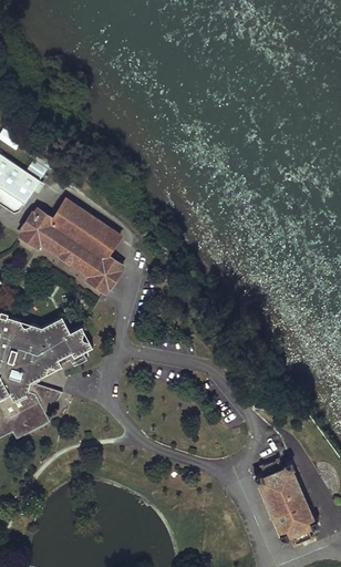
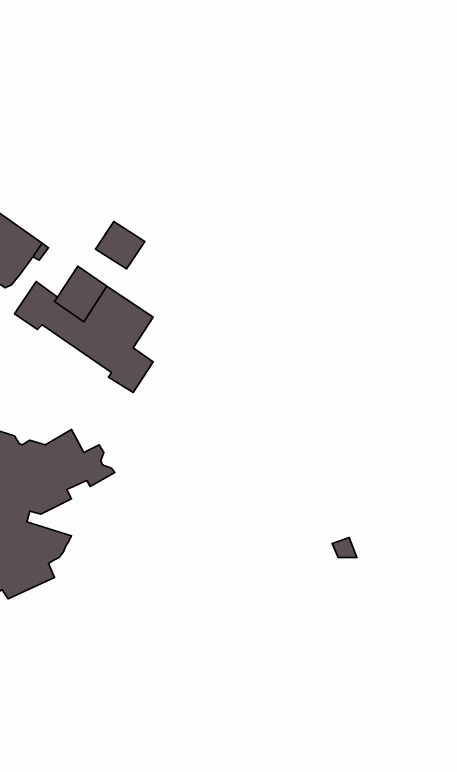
building: none -> [95,222,145,269]
building: [255,456,316,544] -> none

